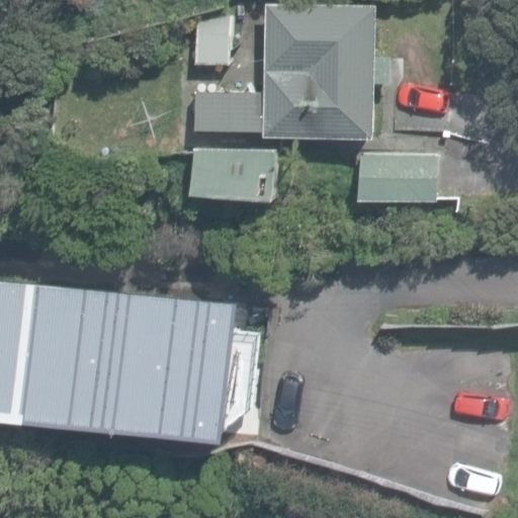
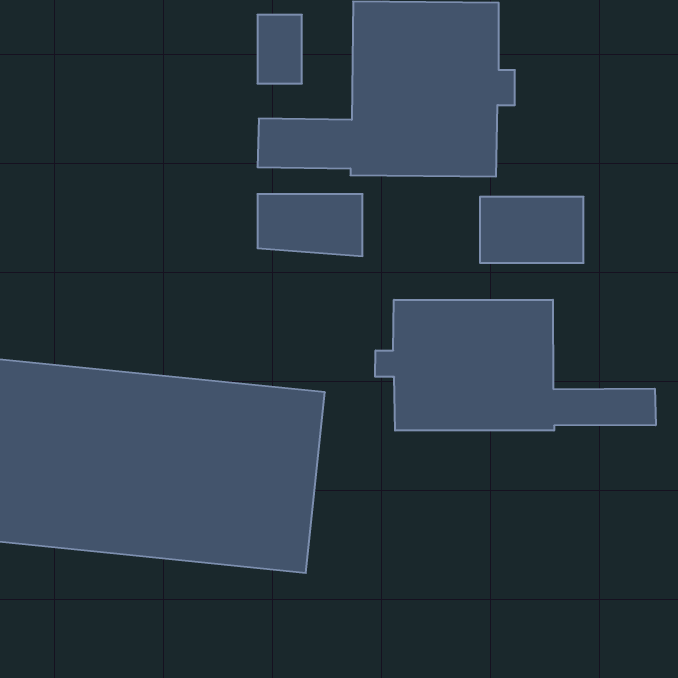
building: none -> [375,300,656,431]

